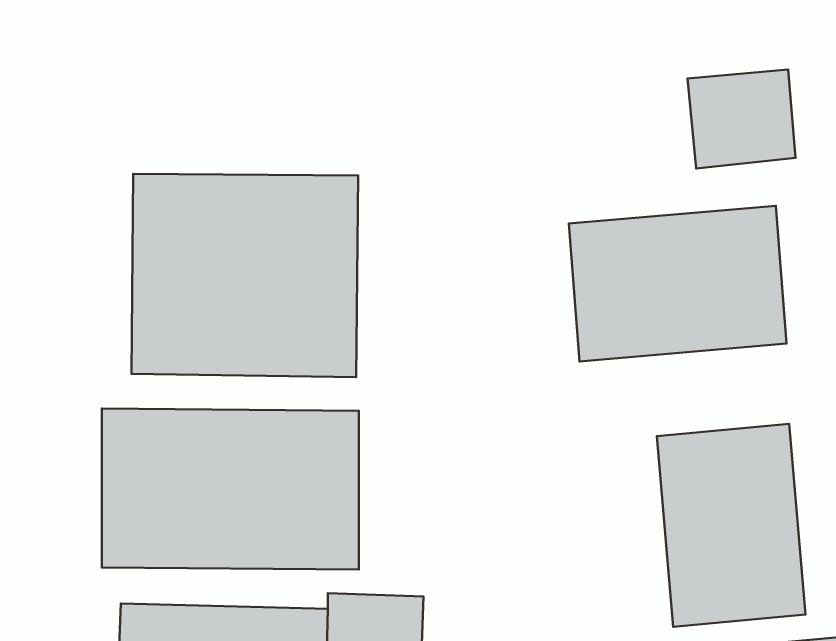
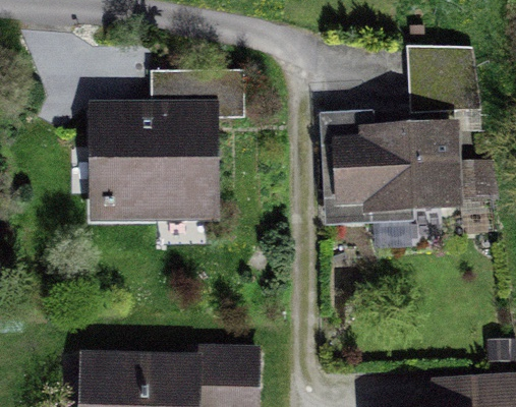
building: [102,409,359,570] -> none
building: [657,424,805,627] -> none

